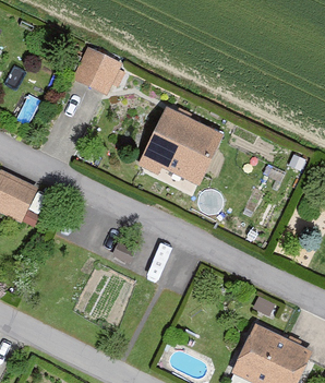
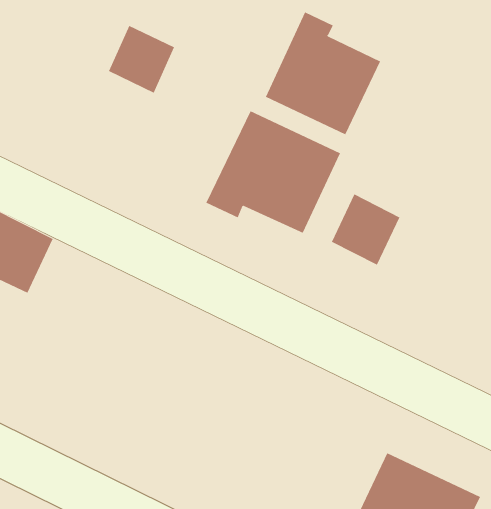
building: none -> [265,12,381,135]
building: none -> [331,193,400,266]

